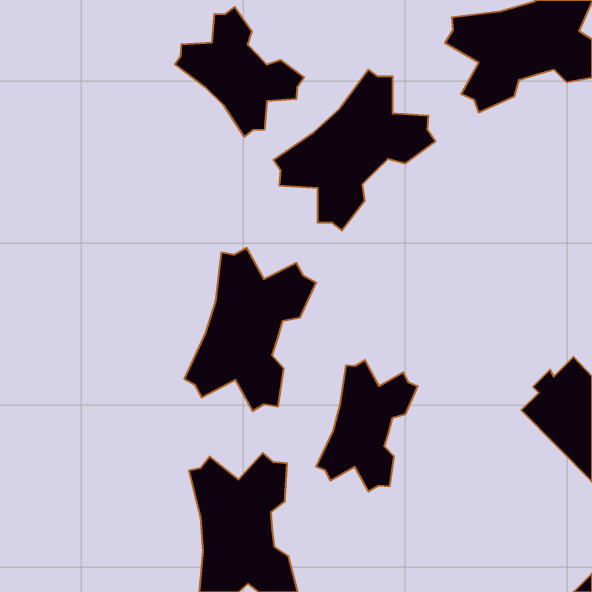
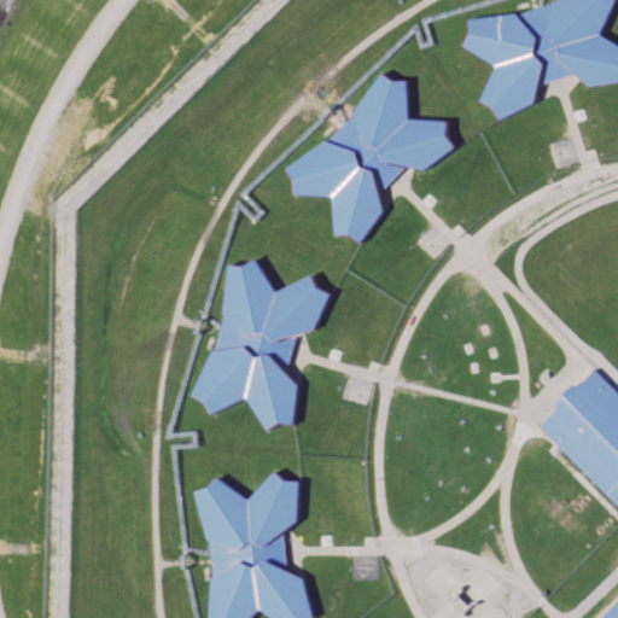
building: [175,7,304,137] -> none
building: [316,360,418,492] -> none

